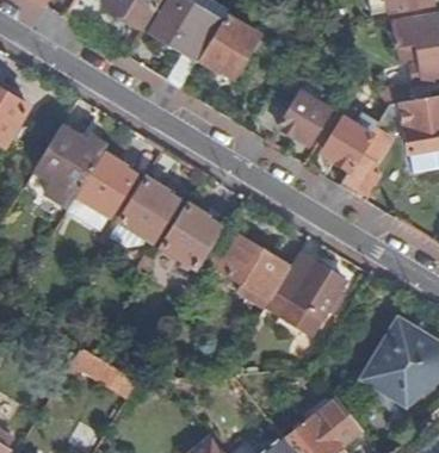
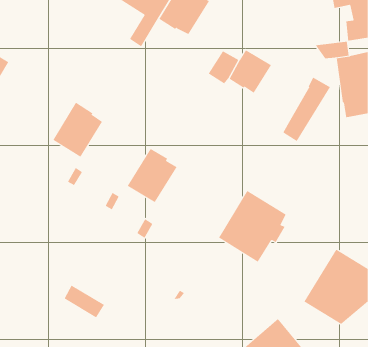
building: [322,116,375,169] -> none
building: [37,126,107,206] -> none
building: [120,176,178,240] -> none
building: [211,229,291,299] -> none

